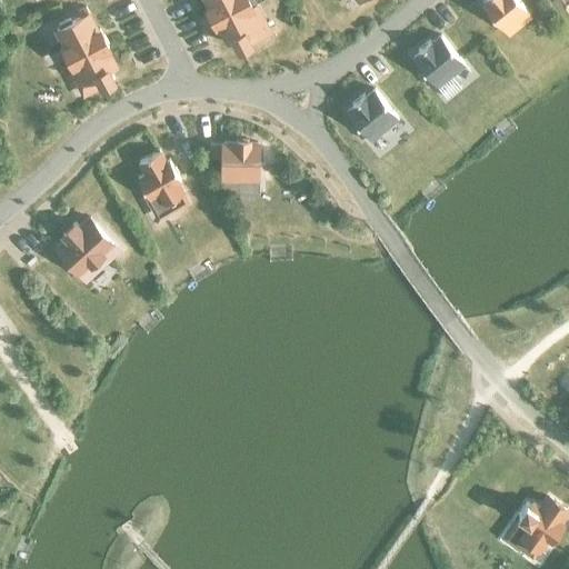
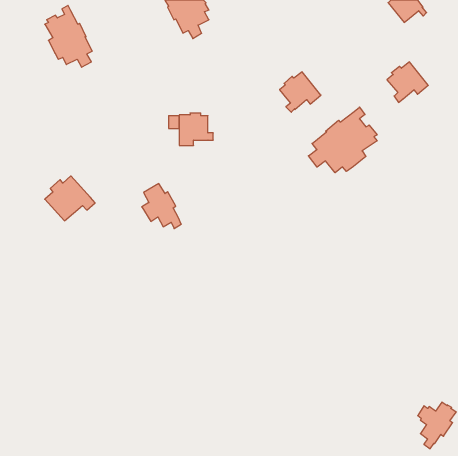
building: [412,39,463,89] -> [387,62,428,102]
building: none -> [308,107,377,173]
building: [137,153,186,209] -> [142,184,181,229]

